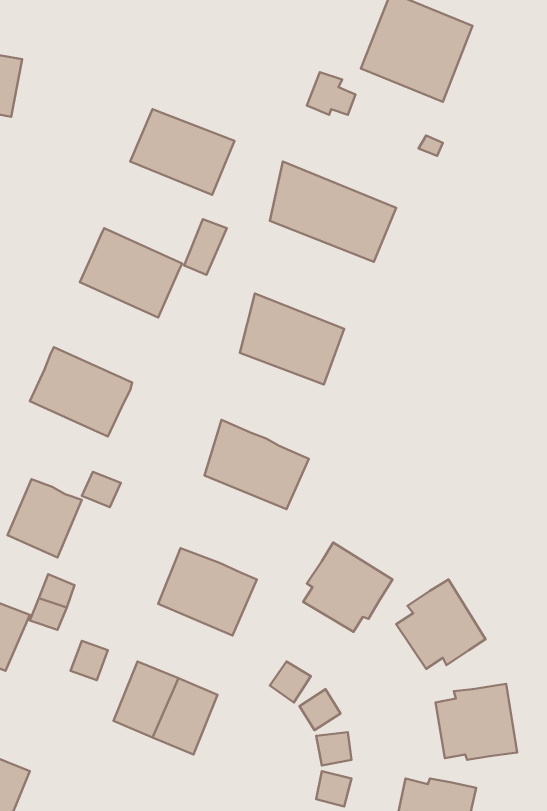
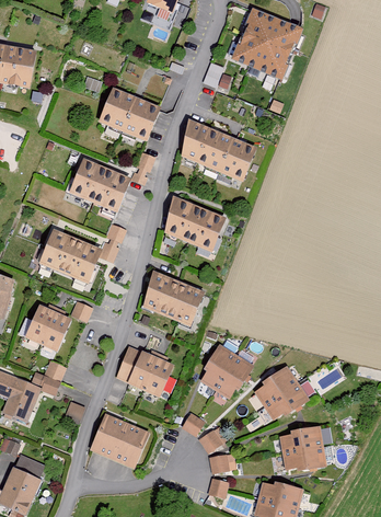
building: none -> [97,222,126,262]

